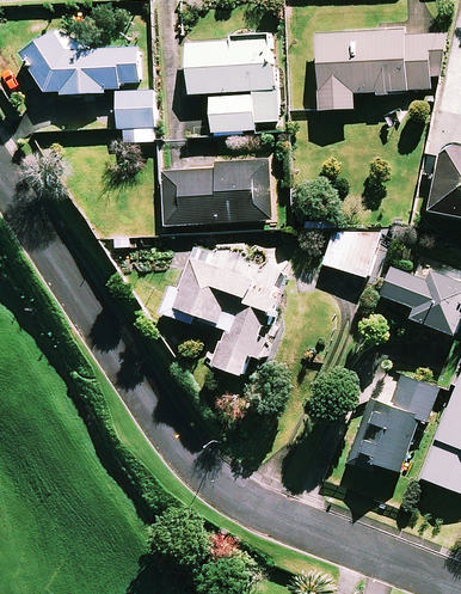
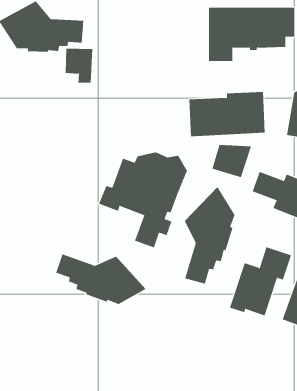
building: [185,35,277,133] -> none
building: [161,160,271,225] -> [188,92,266,137]
building: none -> [184,186,235,284]
building: none -> [56,253,147,305]

